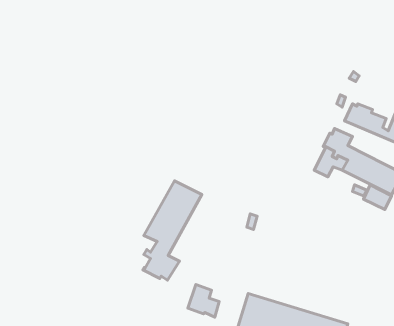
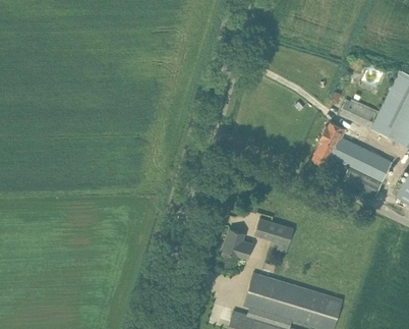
building: [143,181,202,280] -> none
building: none -> [254,219,293,245]
building: [188,285,219,317] -> [223,229,251,259]

